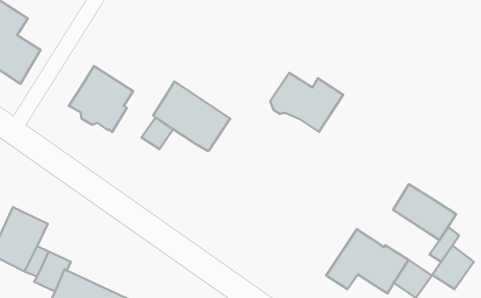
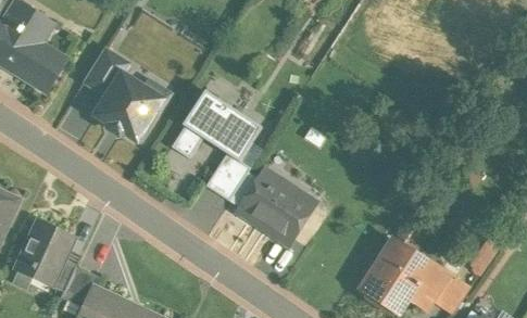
building: none -> [84,49,129,97]
building: [270,73,343,132] -> [240,178,315,239]
building: none -> [205,154,251,201]
building: [393,184,456,240] -> none
building: [432,246,474,289] -> none

